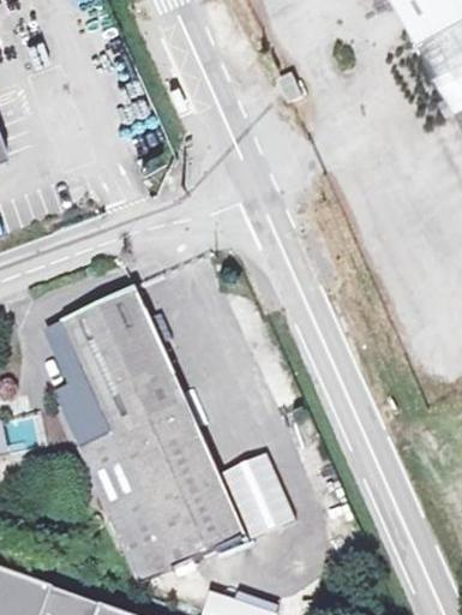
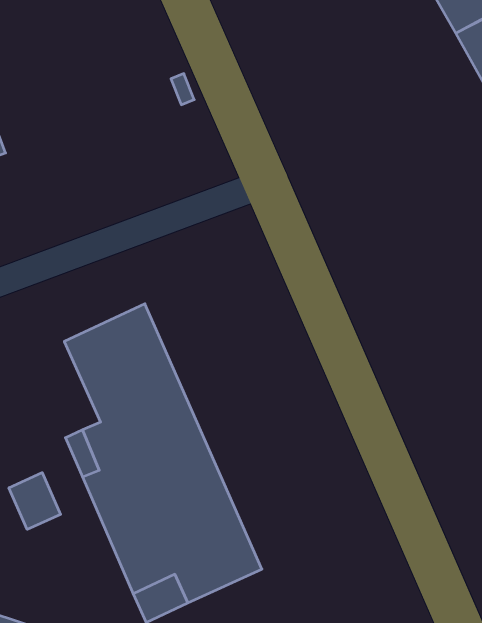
building: none -> [9,473,61,529]
building: [214,448,292,536] -> none

